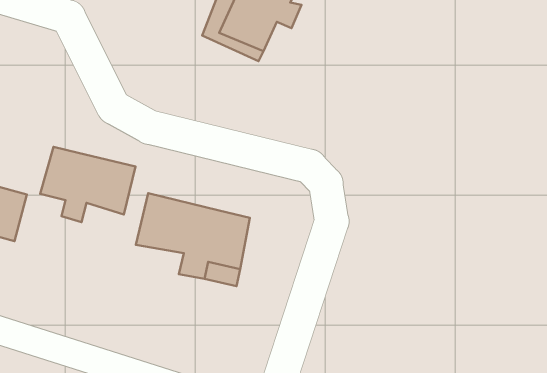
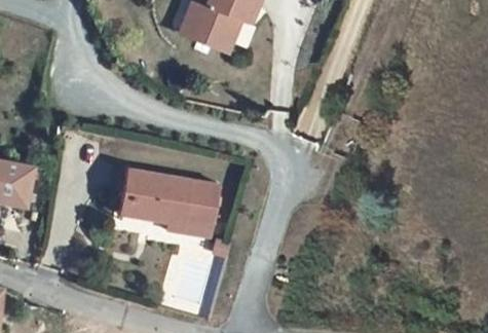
building: [40,147,135,222] -> none

